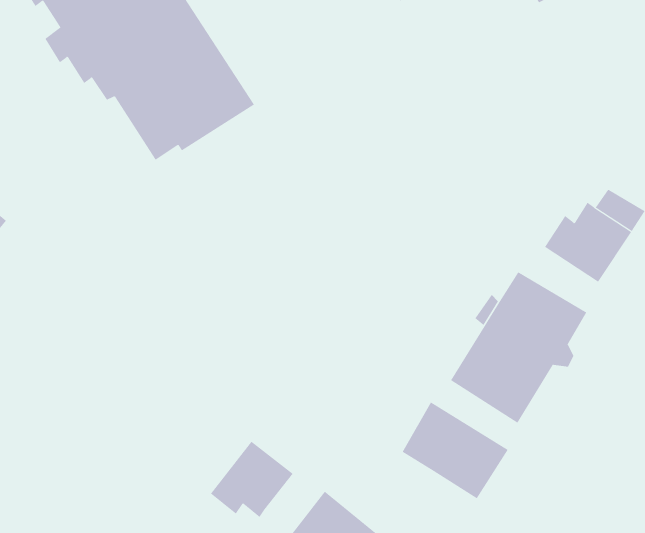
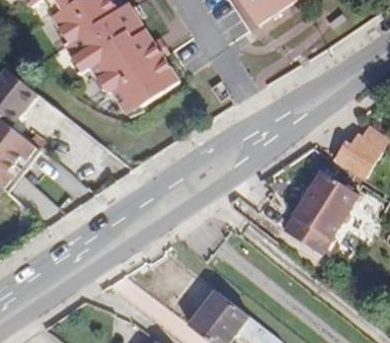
building: [402,401,509,499] -> none
building: [210,441,294,518] -> none

